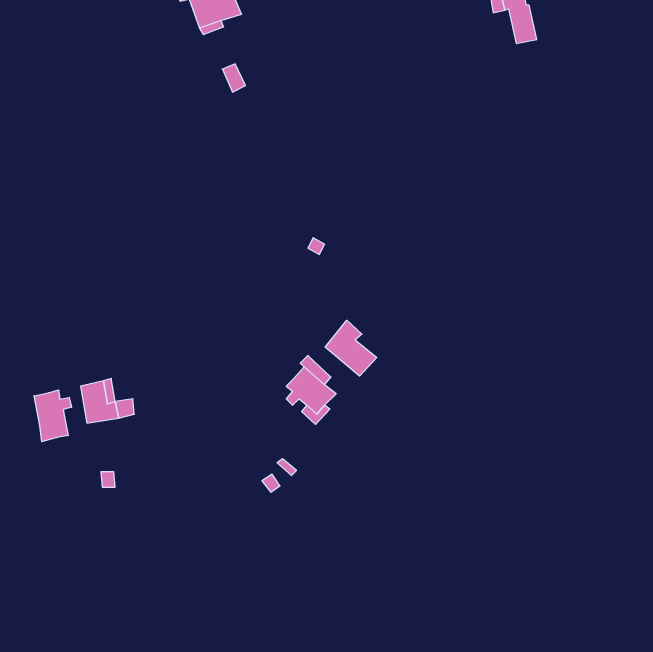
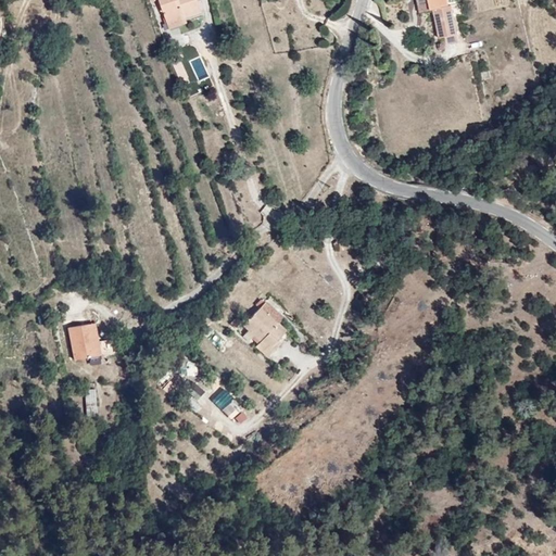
building: [325,320,377,376] -> none
building: [34,390,72,442] -> none

